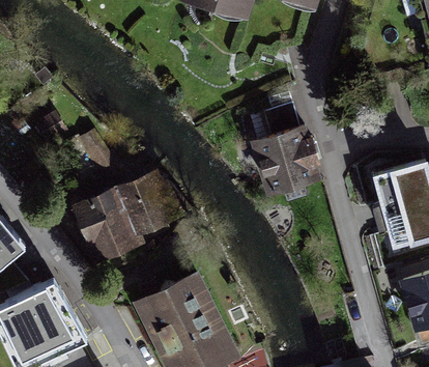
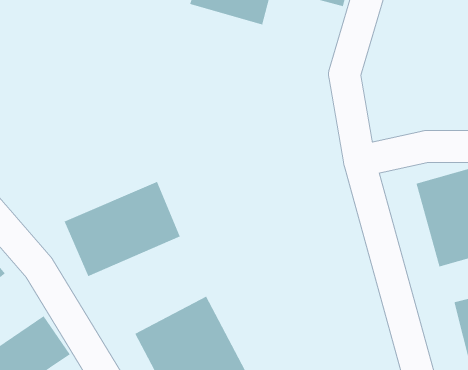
building: [251,108,313,190] -> none

